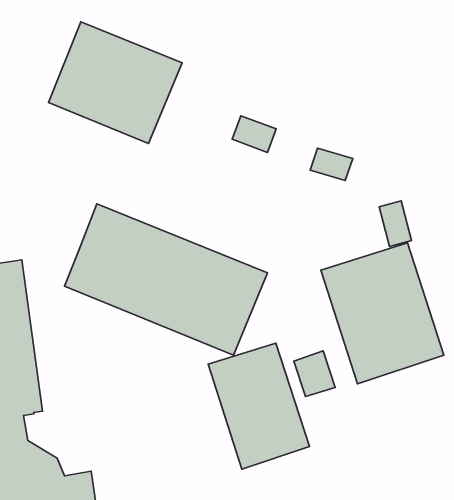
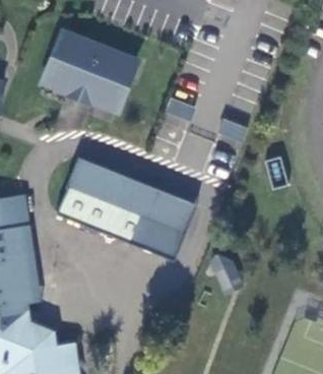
building: [321,243,444,384] -> none
building: [208,343,310,469] -> none

